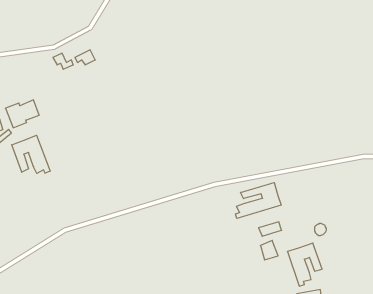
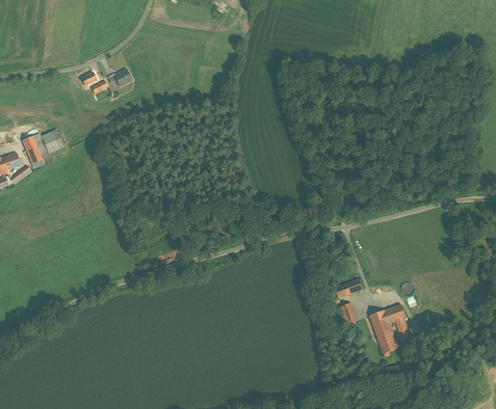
building: [12,135,50,173] -> none
building: [236,183,281,218] -> none

